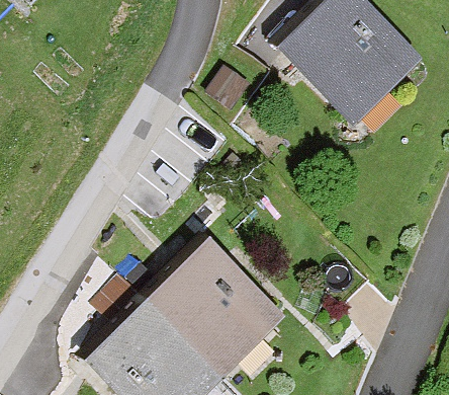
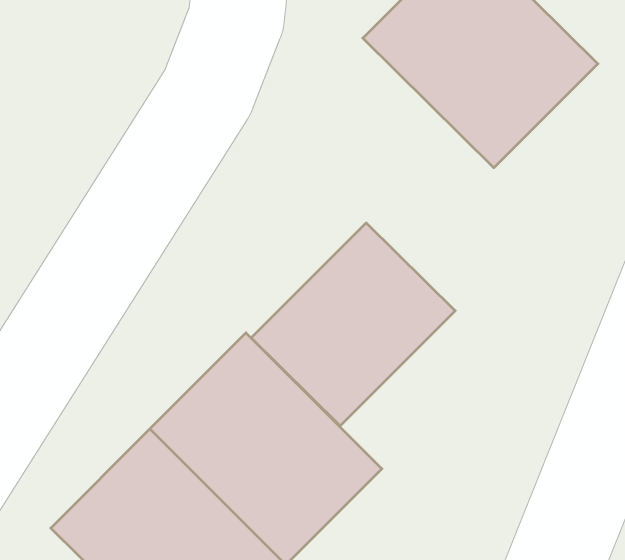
building: none -> [251,223,455,426]

